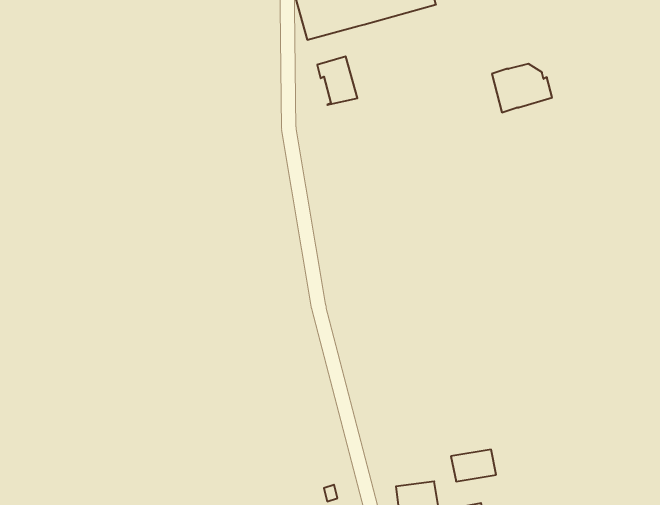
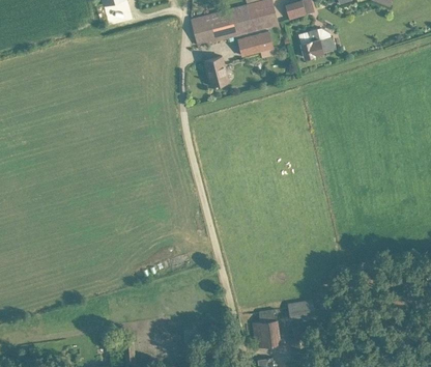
building: none -> [238,31,274,56]
building: [492,64,552,112] -> [298,28,336,58]

